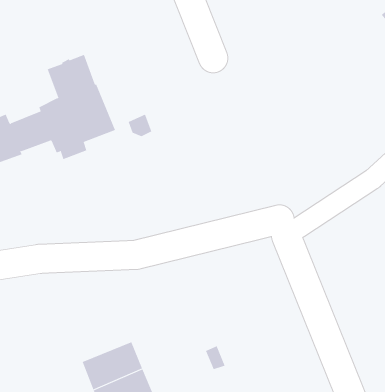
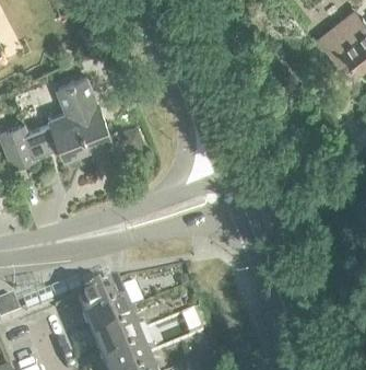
building: none -> [78,281,144,325]

